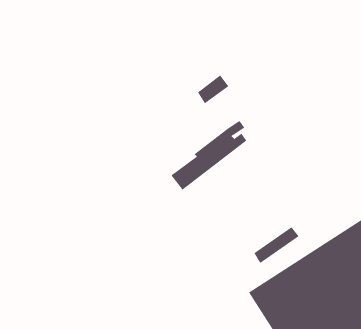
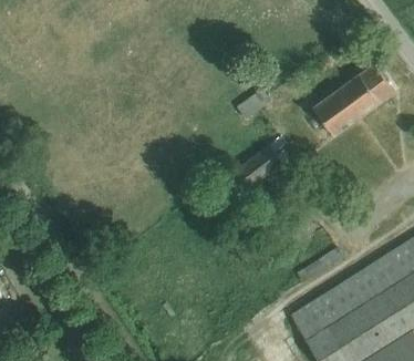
building: none -> [313,64,394,137]

